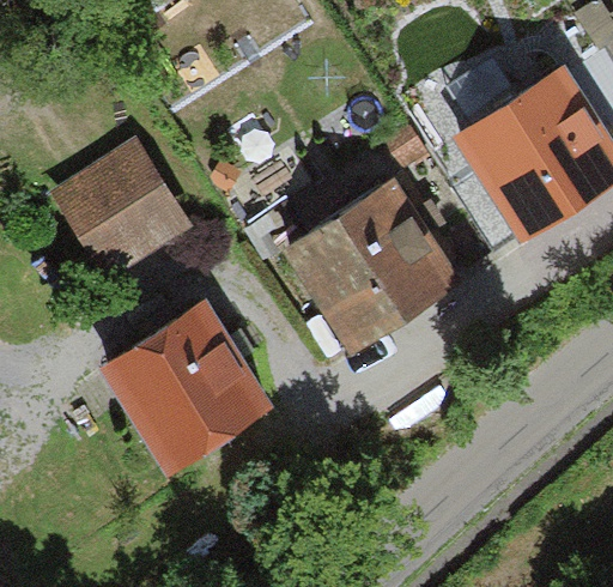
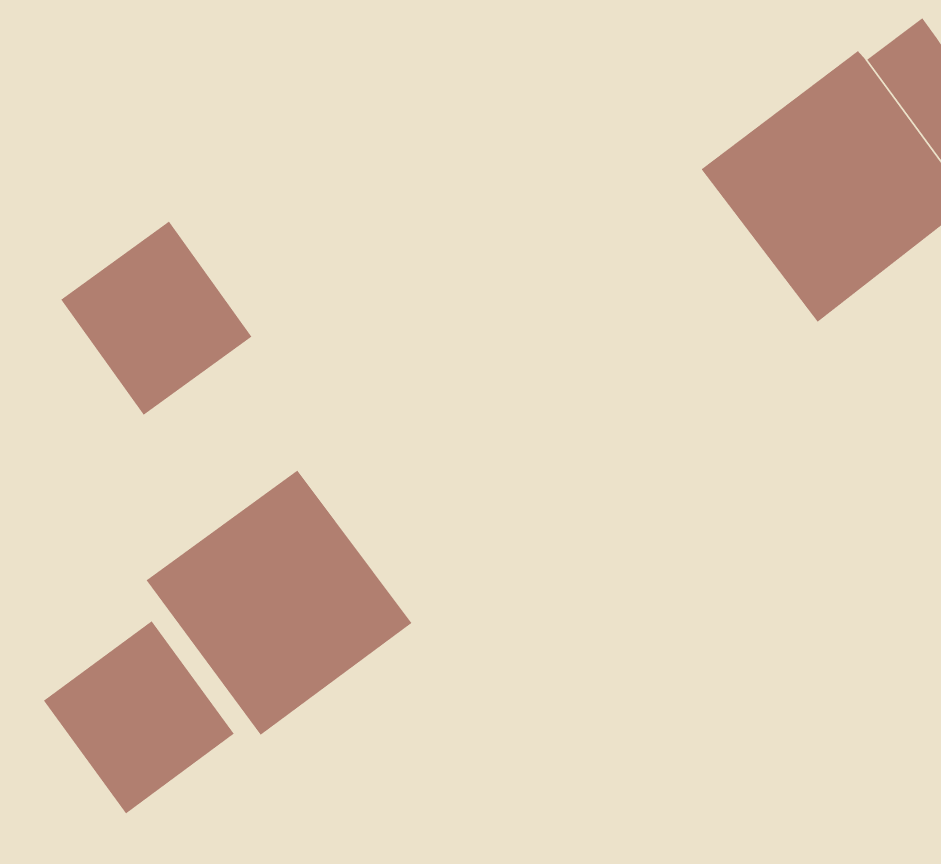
building: [285,174,455,345] -> none
building: none -> [43,620,235,814]

